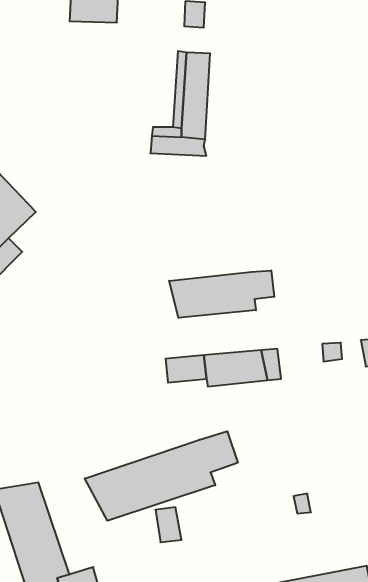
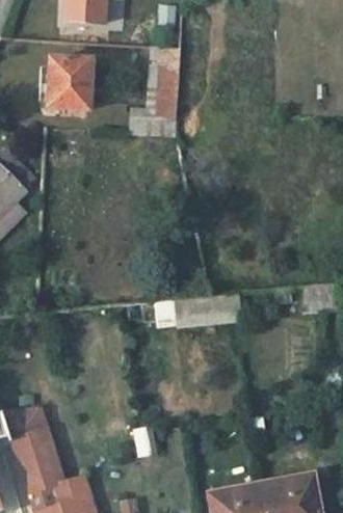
building: none -> [45,59,89,111]
building: [169,270,274,318] -> none
building: [85,431,238,521] -> none

